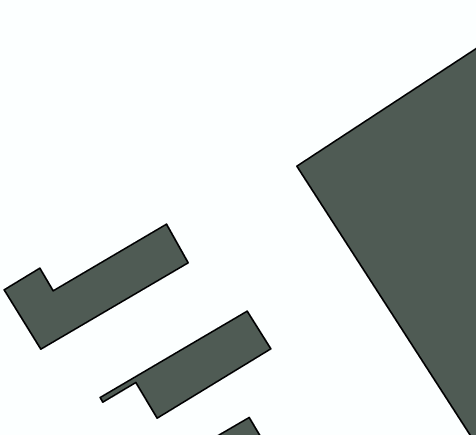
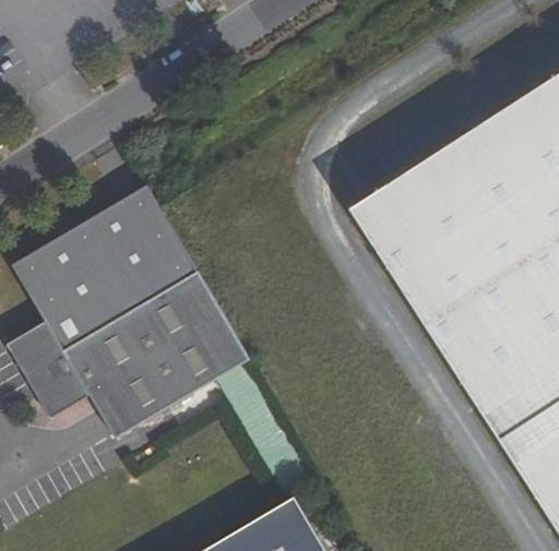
building: none -> [14,187,198,351]
building: [100,311,271,418] -> [51,319,250,443]

